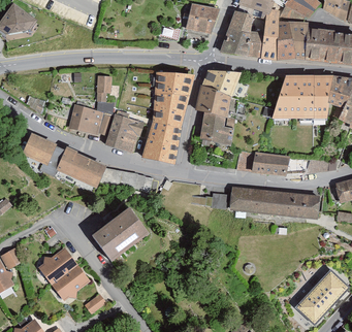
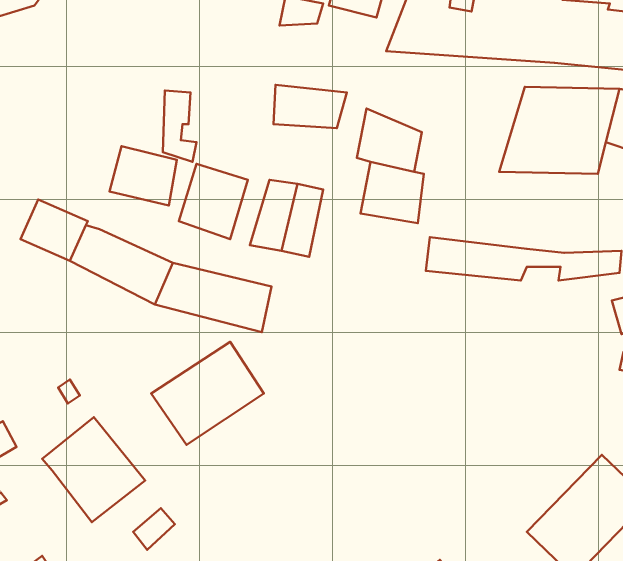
building: [204,70,243,97] -> none
building: [154,93,189,127] -> none
building: [213,185,318,218] -> none

